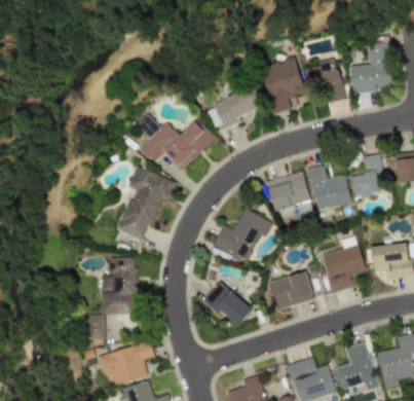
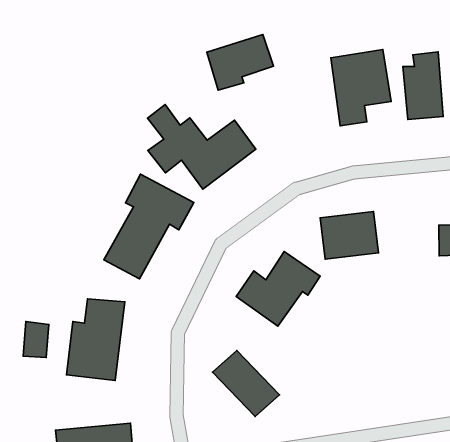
building: [214,85,262,129] -> [207,34,274,90]
building: [309,166,351,209] -> none
building: [323,236,366,293] -> none
building: [270,270,314,309] -> none
building: [88,315,106,339] -> [23,322,49,358]

